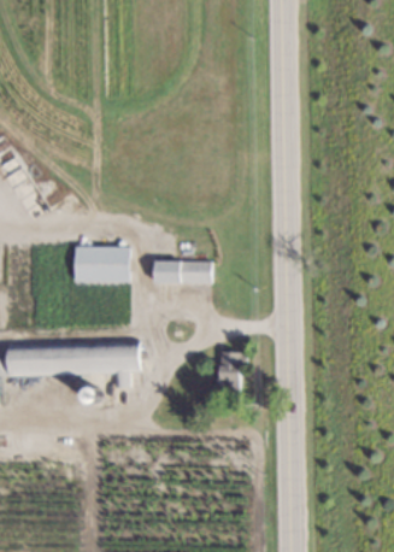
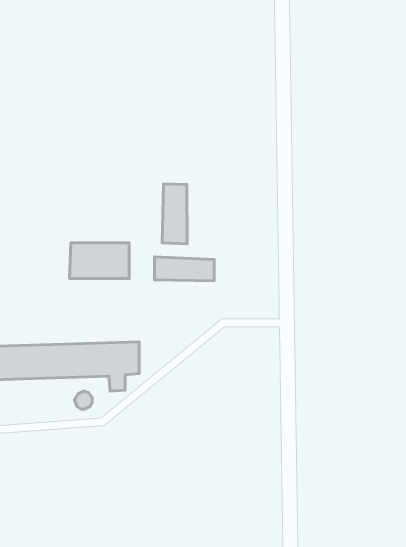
building: none -> [162,184,187,244]
building: [214,350,241,389] -> none

